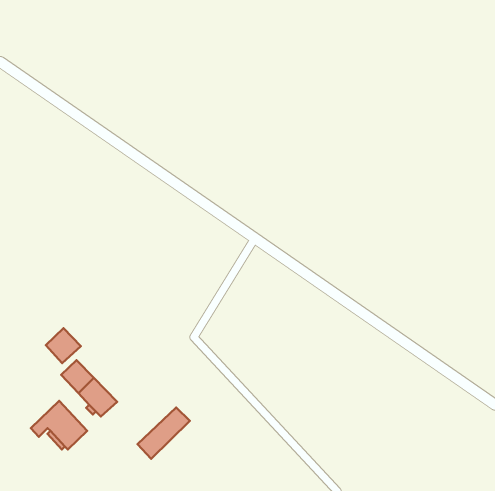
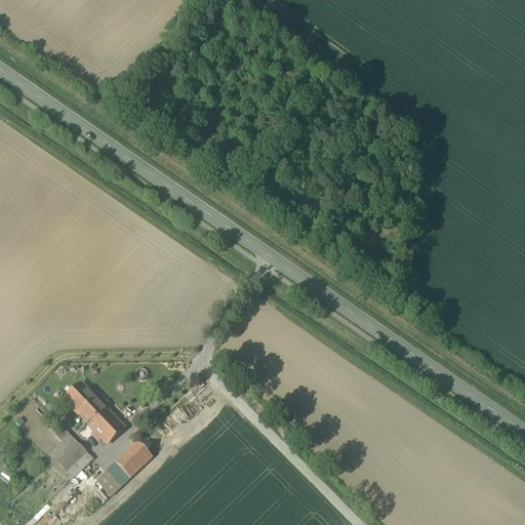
building: [46,328,81,363] -> none
building: [138,407,190,459] -> [96,440,152,494]

